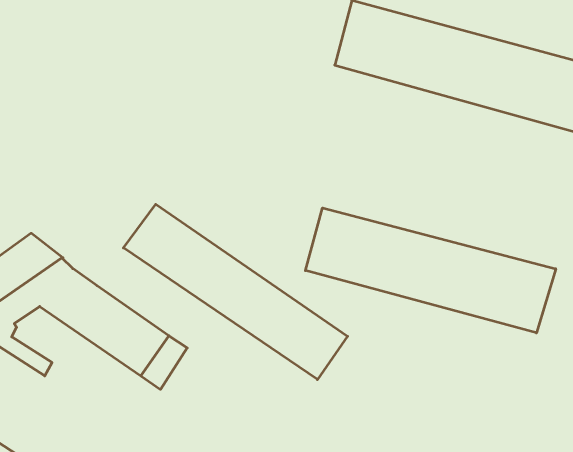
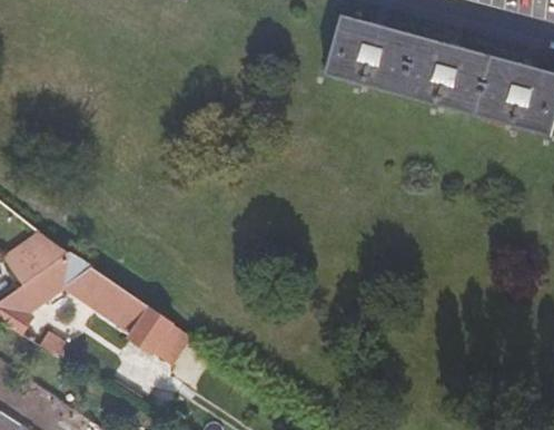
building: [123,204,348,380] -> none
building: [305,208,556,333] -> none

